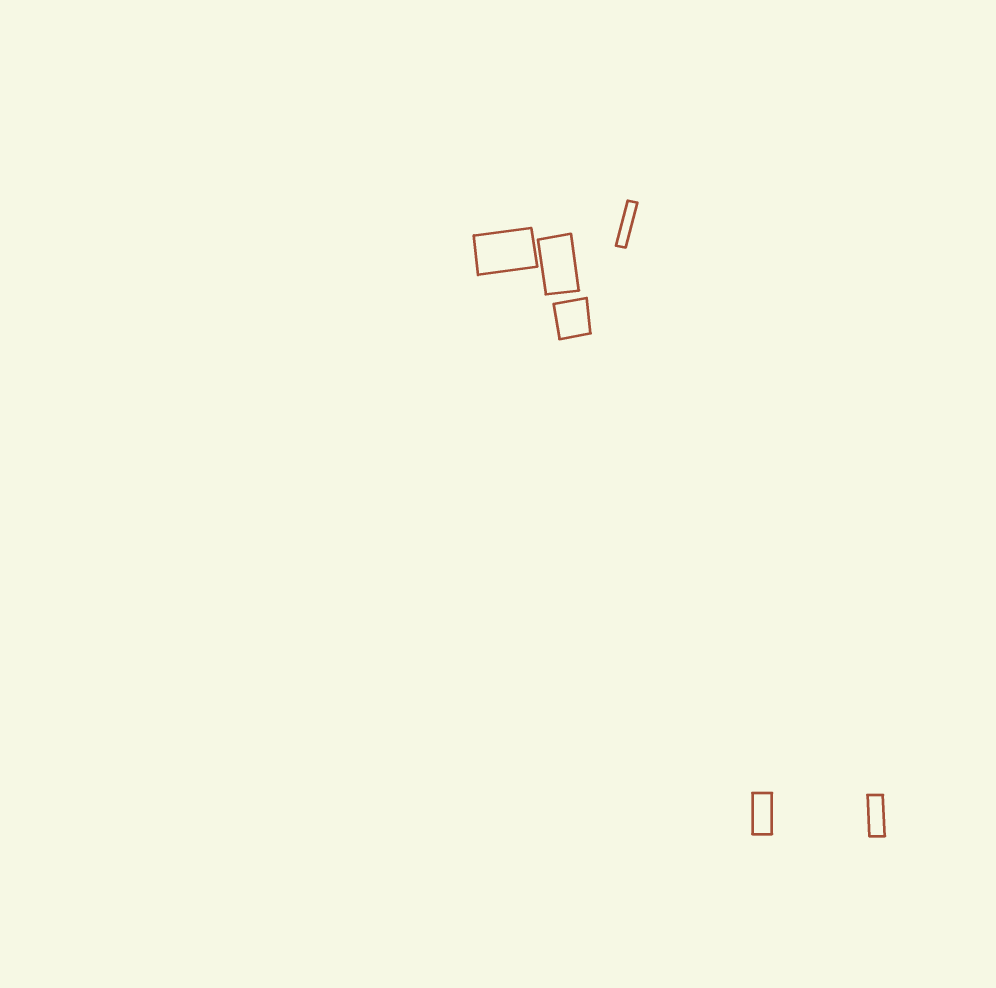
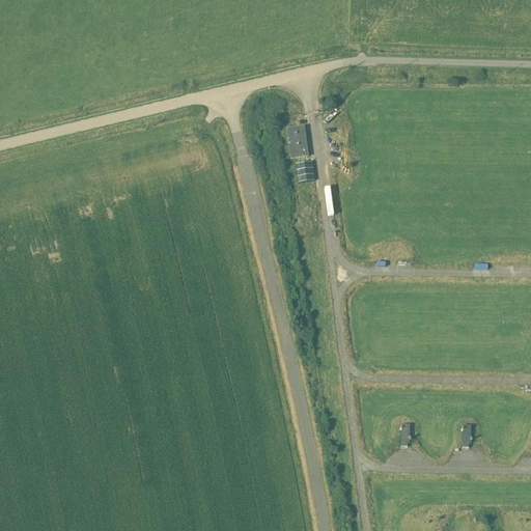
building: [474,228,537,275] -> none

